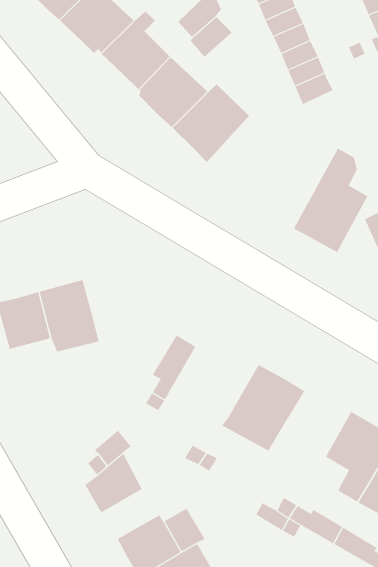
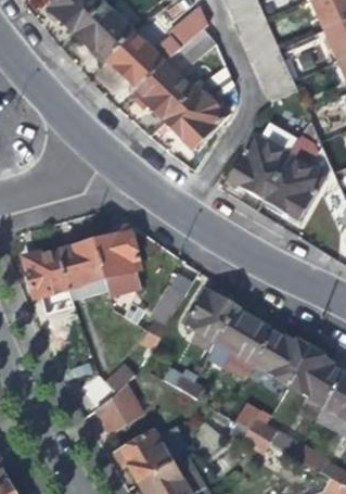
building: none -> [228,118,298,200]
building: none -> [93,231,140,278]
building: none -> [184,288,236,353]
building: none -> [253,331,309,384]

